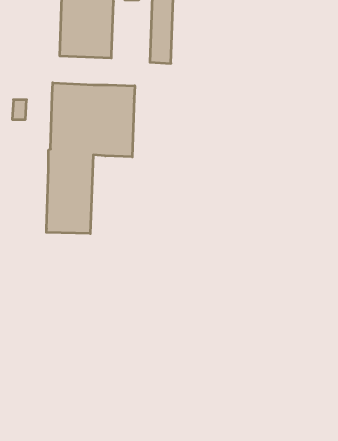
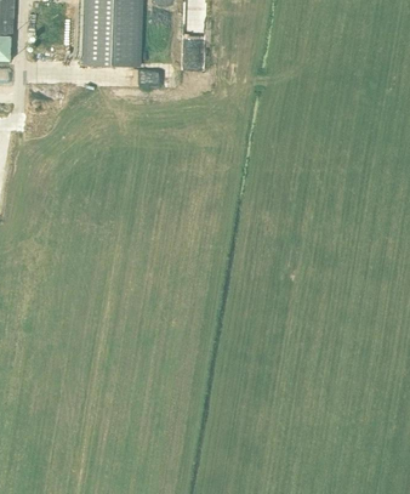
building: [46,83,135,234] -> none

